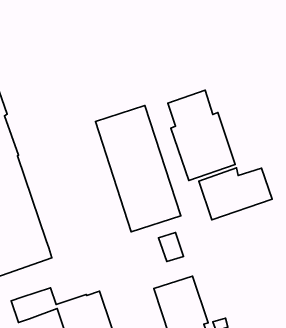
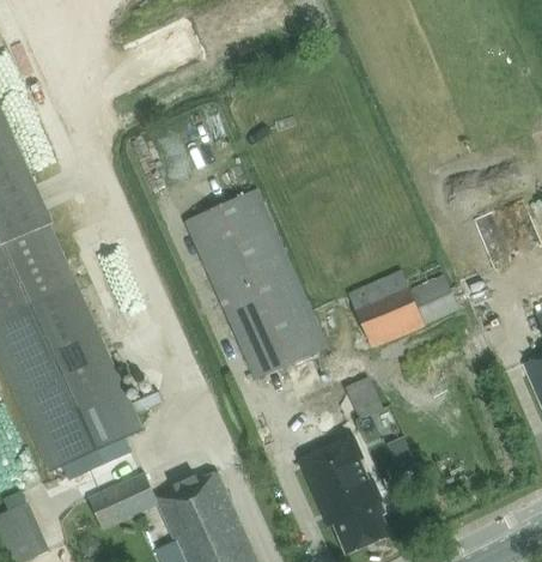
building: [168,90,235,181] -> none
building: [159,232,183,261] -> [343,376,383,421]

